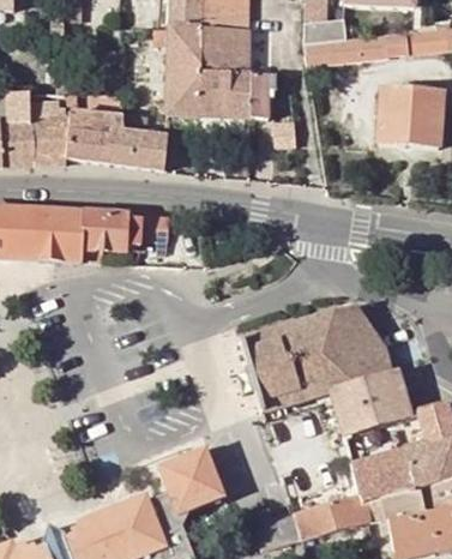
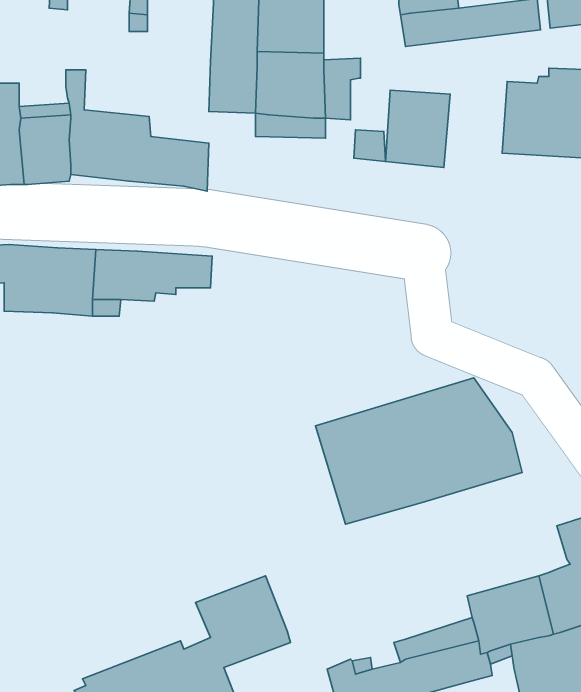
building: none -> [385,90,450,168]
building: [320,369,411,435] -> none

